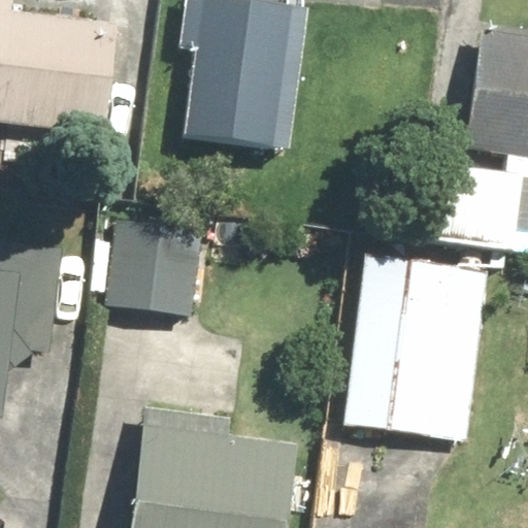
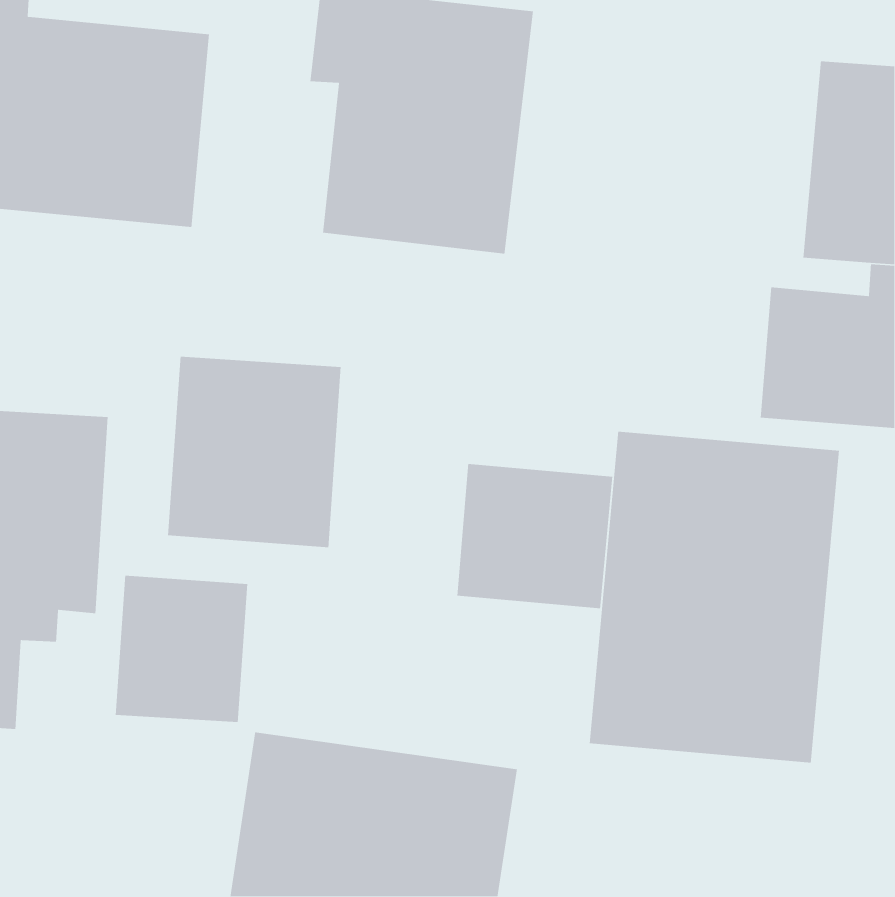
building: none -> [457,463,613,609]
building: none -> [115,575,248,723]

